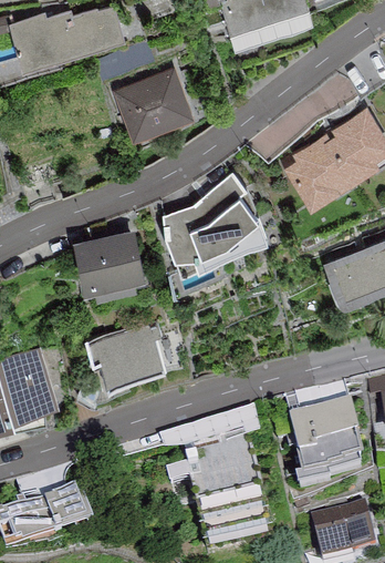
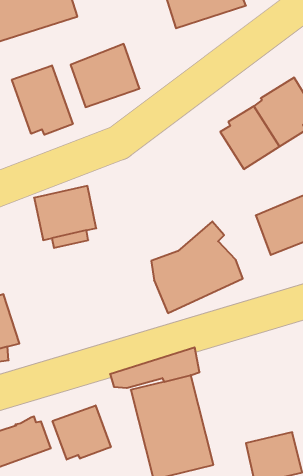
building: none -> [12,65,73,135]
building: [163,173,266,276] -> [151,221,243,313]
building: [85,325,165,389] -> none
building: [289,405,361,491] -> none
building: none -> [53,405,111,460]

